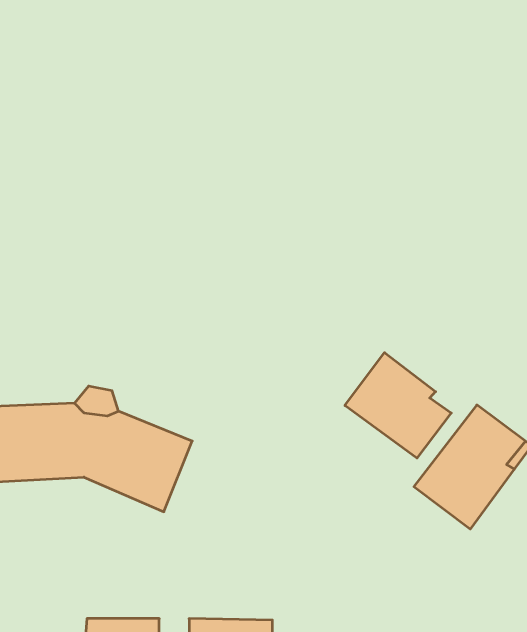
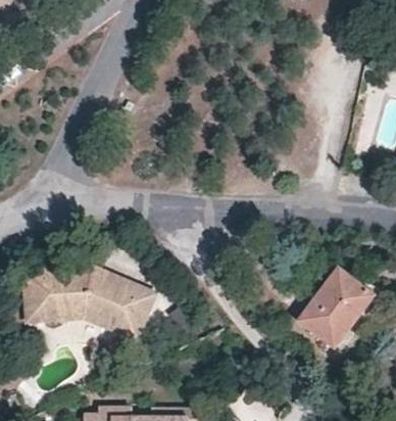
building: [345,353,451,458] -> none

